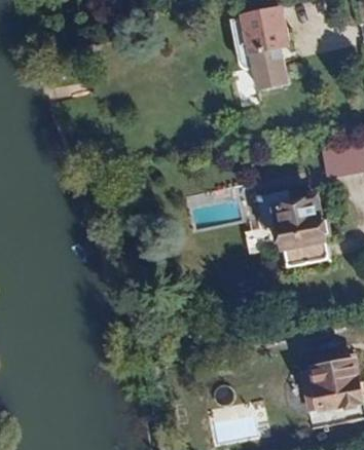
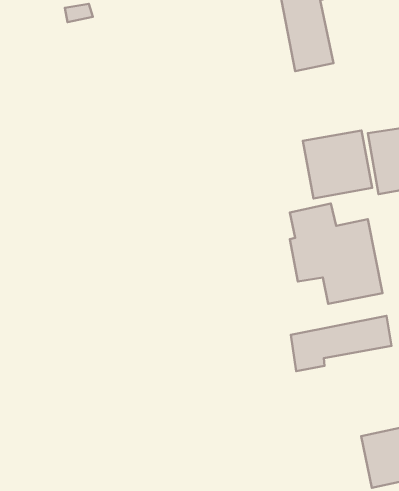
building: none -> [303,130,372,198]
building: none -> [291,316,392,371]

